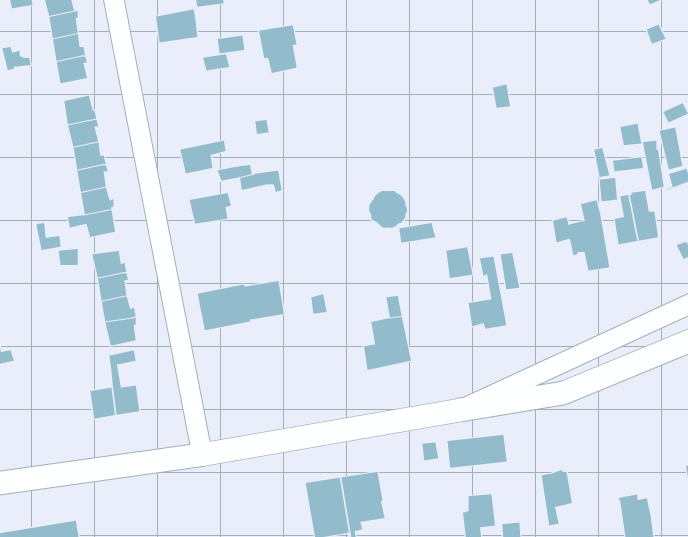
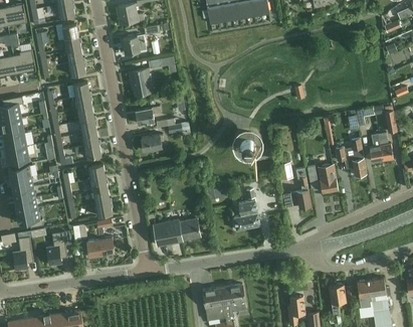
building: [258,25,297,73] -> [128,70,149,97]
building: none -> [317,165,338,194]
building: [197,280,285,331] -> [152,219,199,247]
building: none -> [46,232,66,266]
building: [422,434,507,469] -> none
building: none -> [356,279,385,308]

